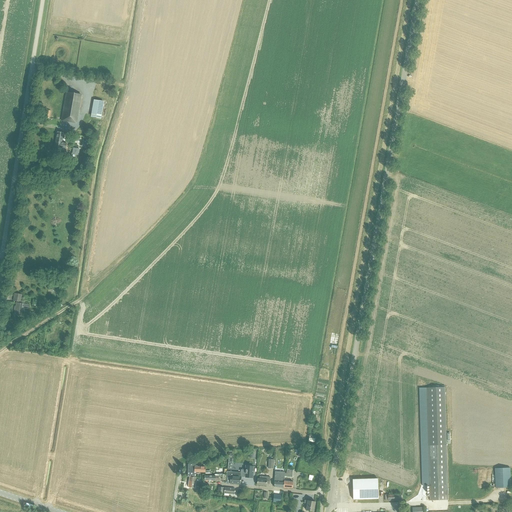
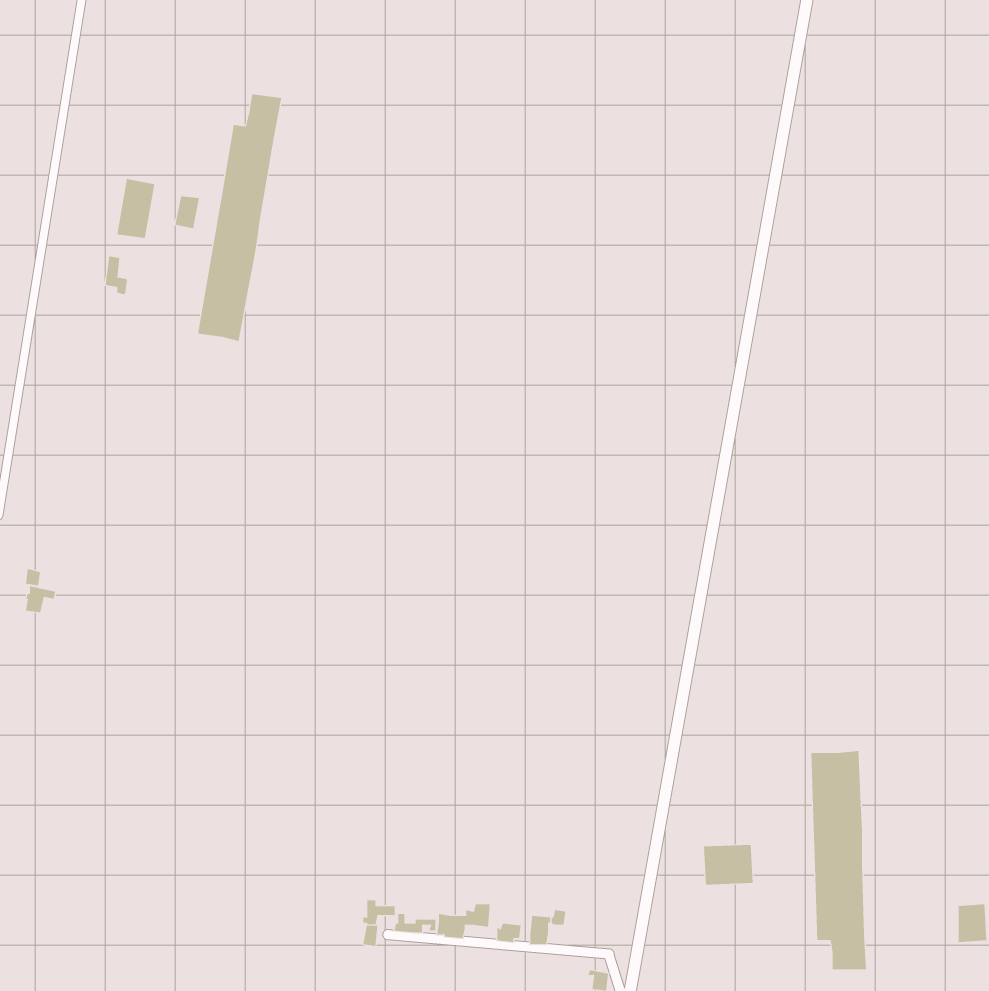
building: none -> [198,93,282,342]
building: [351,478,377,499] -> [703,844,754,885]

